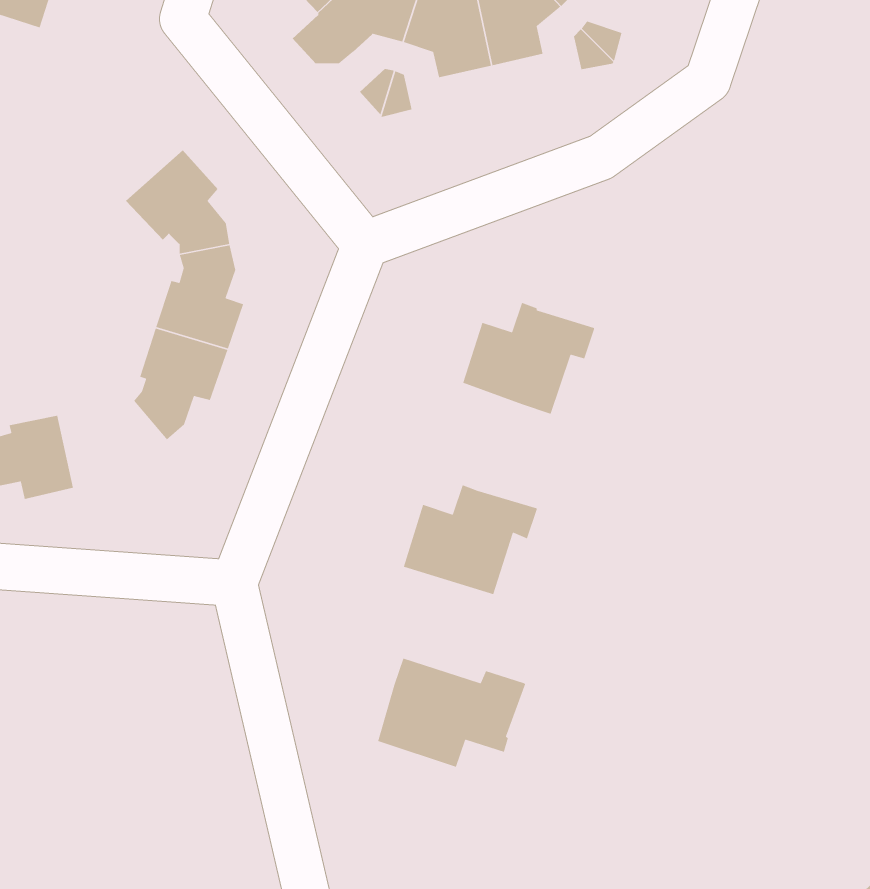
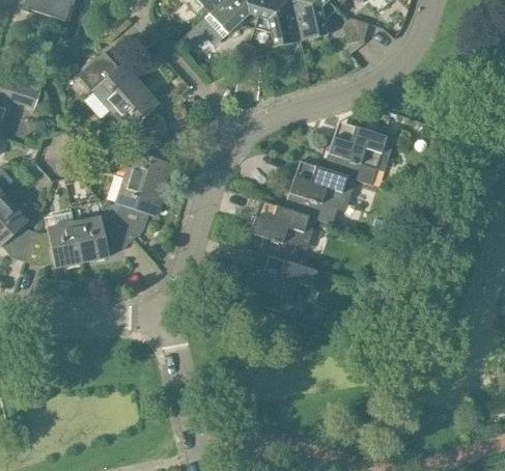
building: none -> [78,54,139,110]
building: none -> [325,123,395,183]
building: none -> [246,203,316,261]
building: none -> [74,215,131,260]
building: [377,657,526,768] -> none

